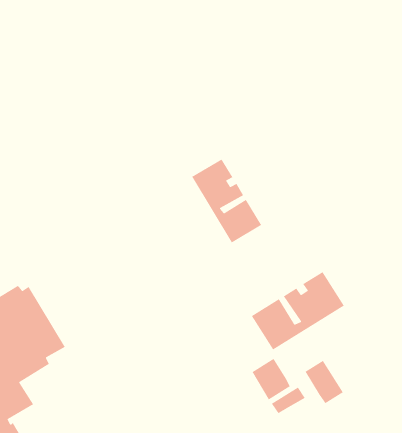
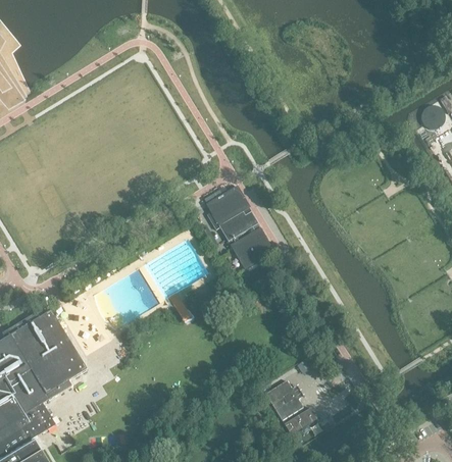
building: [251,271,345,350] -> none
building: [304,360,344,404] -> none

